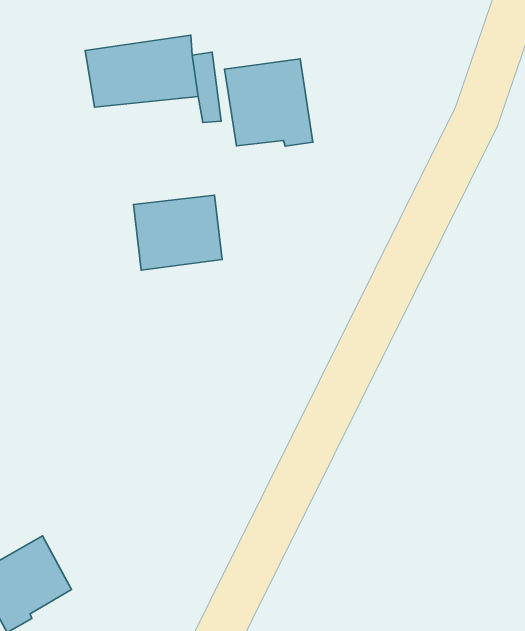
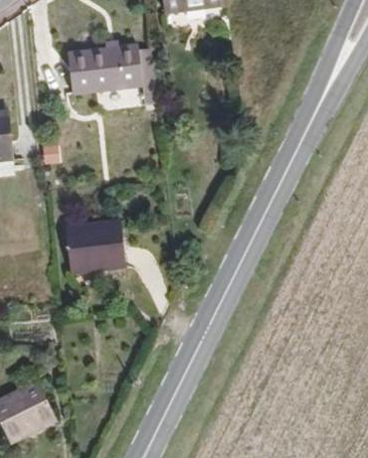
building: [224,59,313,146] -> none
building: [133,195,222,270] -> [67,227,126,277]

